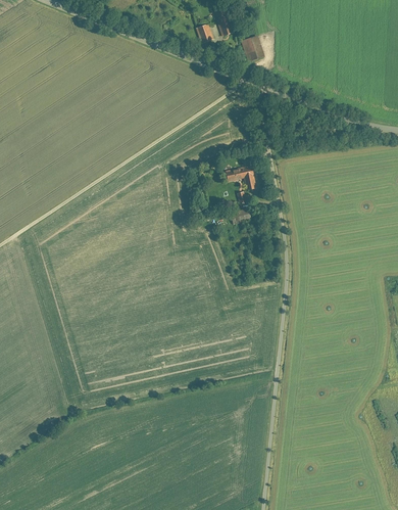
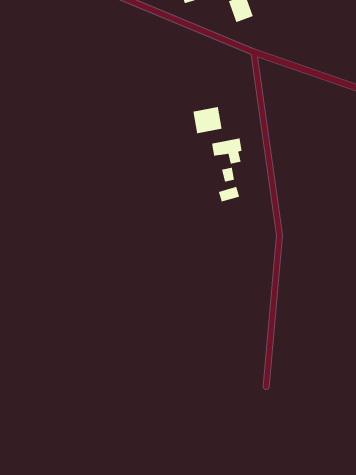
building: none -> [192,106,223,134]

